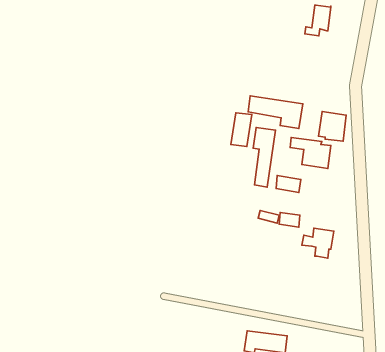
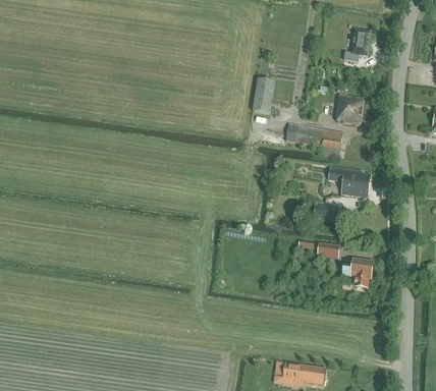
building: [318,111,346,141] -> [334,93,363,123]
building: [231,113,252,147] -> [253,78,274,113]
building: [253,128,276,187] -> none

